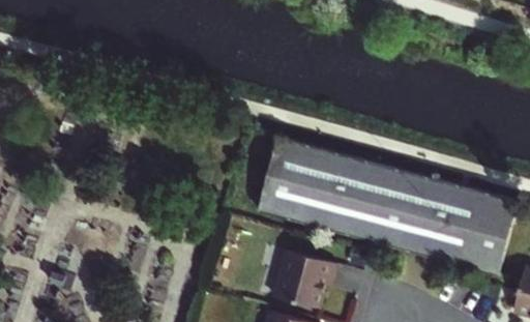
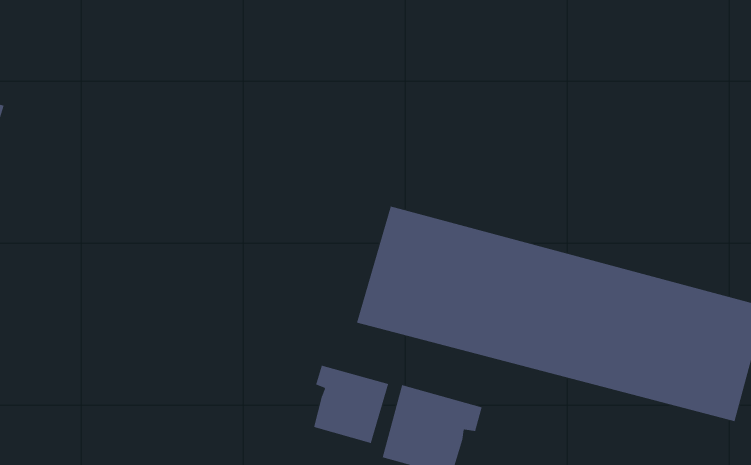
building: none -> [313,365,389,444]

